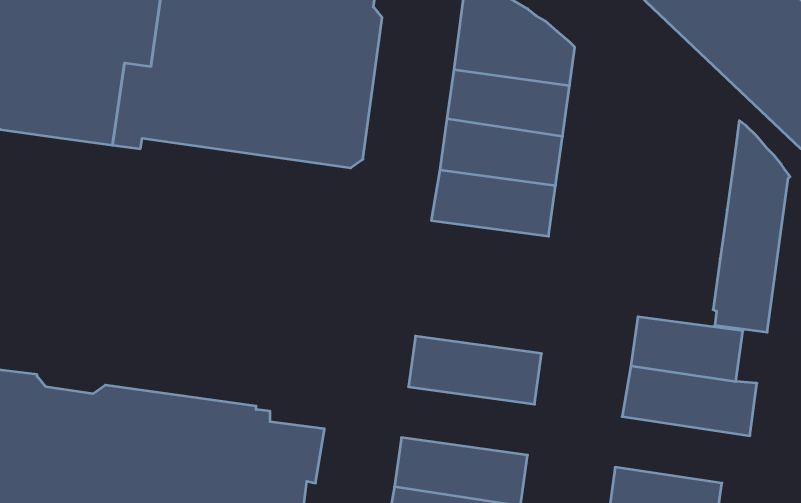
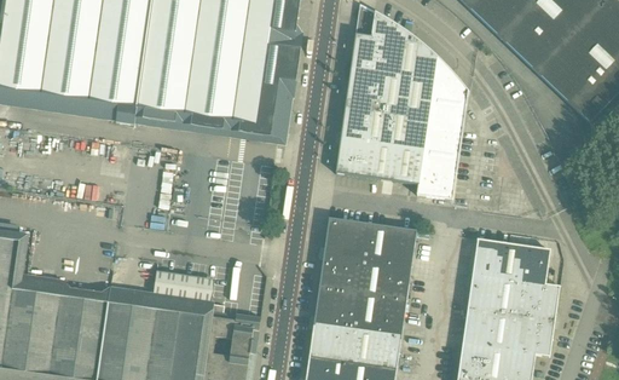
building: [713,121,790,332] -> [416,52,469,198]
building: none -> [324,217,417,264]
building: none -> [314,287,406,334]
building: none -> [462,307,555,356]

